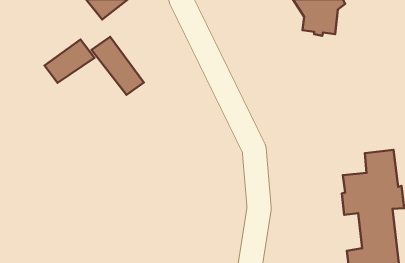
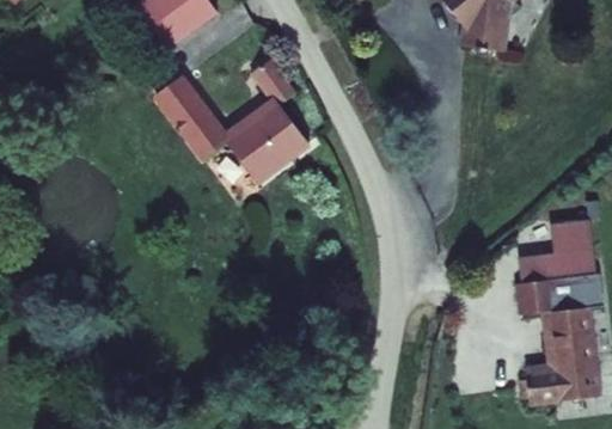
building: none -> [227,49,305,170]
building: [45,39,95,83] -> none

